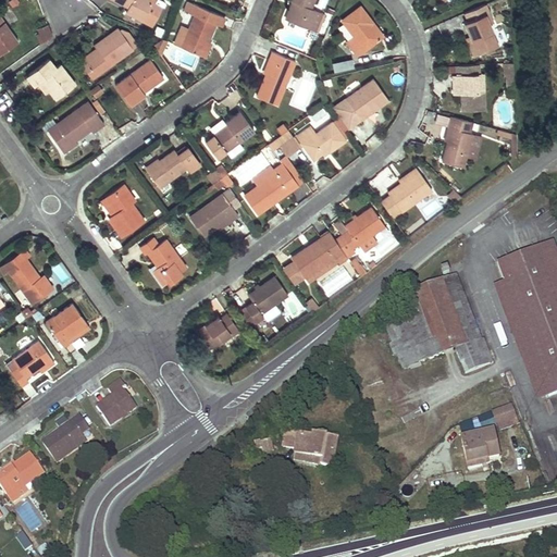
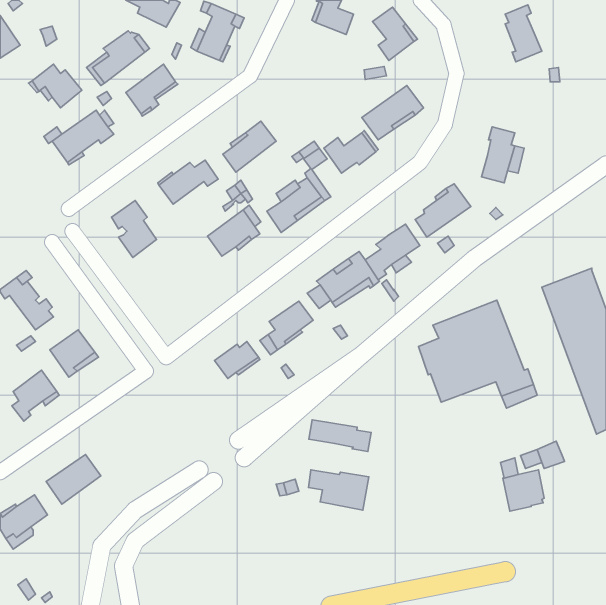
building: [257,52,296,106] -> none
building: [453,65,484,111] -> none
building: [139,237,186,284] -> none
building: [96,381,137,428] -> none
building: none -> [309,420,371,452]

